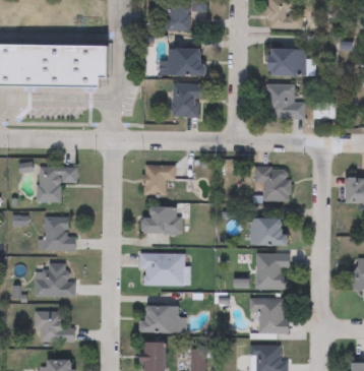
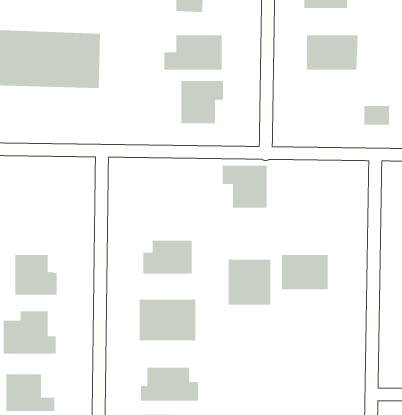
building: [266,83,304,117] -> none
building: [144,165,175,195] -> none
building: [37,166,77,201] -> none
building: [254,168,290,201] -> [222,165,268,208]
building: [256,254,290,290] -> [228,259,271,305]
building: [250,298,288,333] -> none

